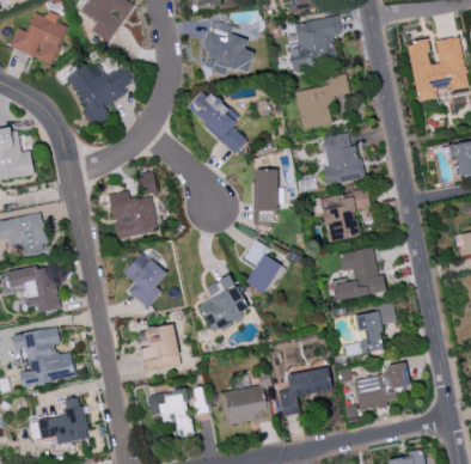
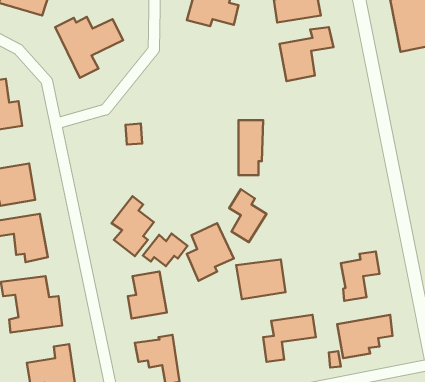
building: [186,88,247,153] -> none
building: [320,132,363,184] -> none
building: [322,189,371,242] -> none
building: [110,191,157,238] -> none
building: [335,246,386,300] -> none
building: none -> [143,233,188,266]
building: [220,385,270,426] -> [236,259,285,299]

